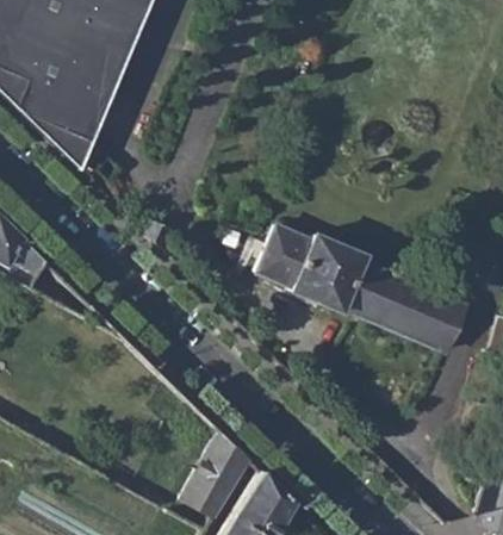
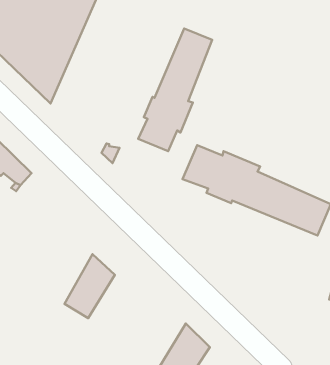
building: none -> [138,29,212,151]
building: [180,430,250,520] -> [64,254,115,318]

